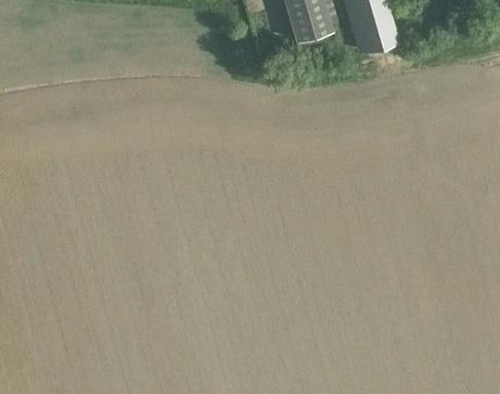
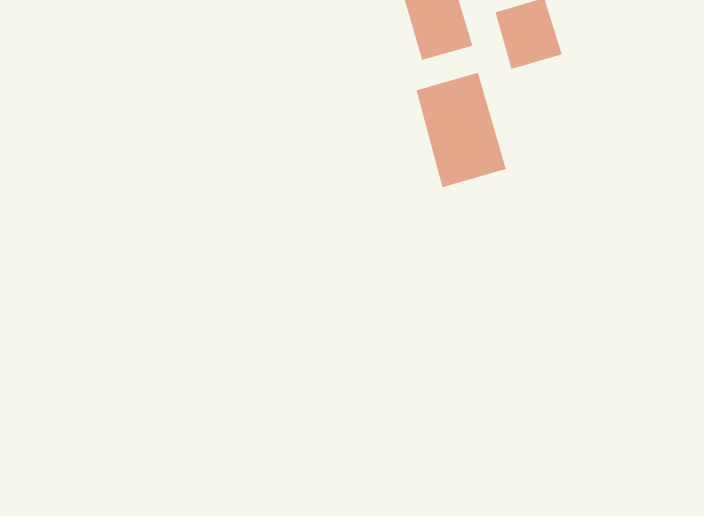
building: none -> [415,72,507,188]

